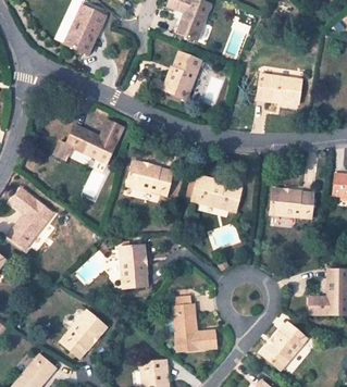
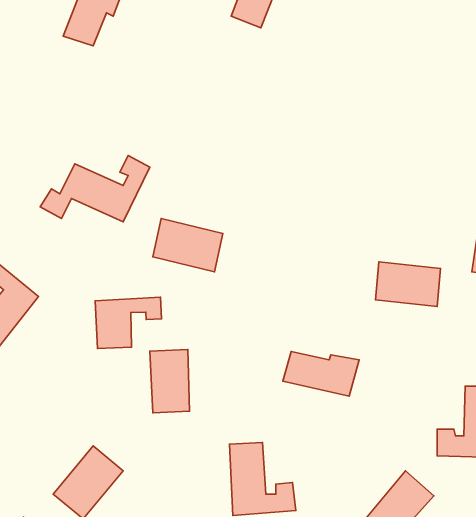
building: [171,49,201,95] -> none
building: [261,68,303,98] -> none
building: [193,182,243,211] -> [283,351,359,396]
building: none -> [95,297,161,348]

